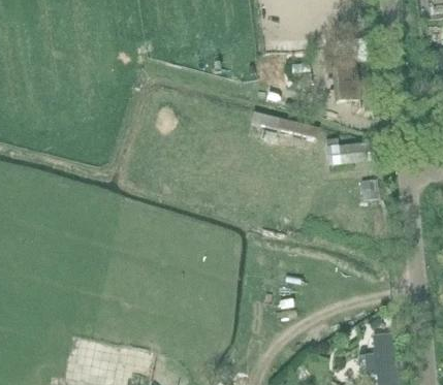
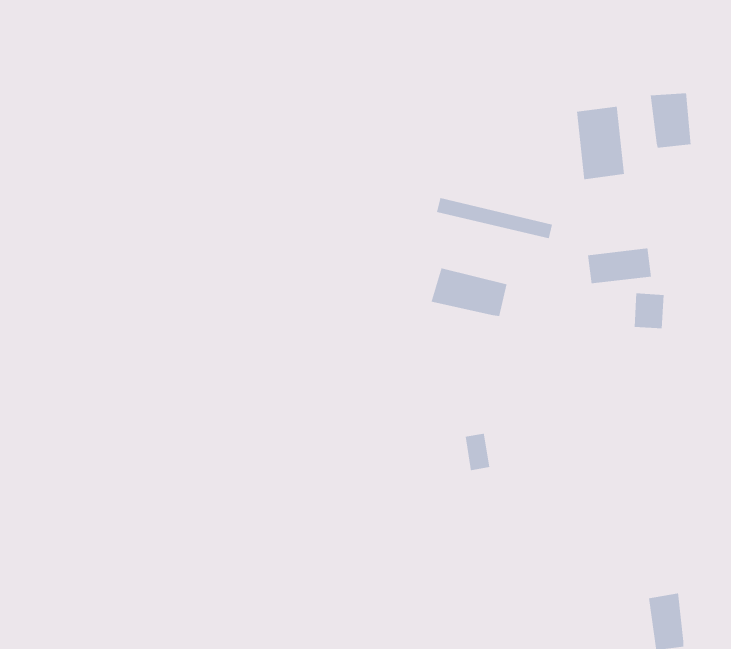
building: none -> [650,93,691,148]
building: none -> [431,267,507,317]

